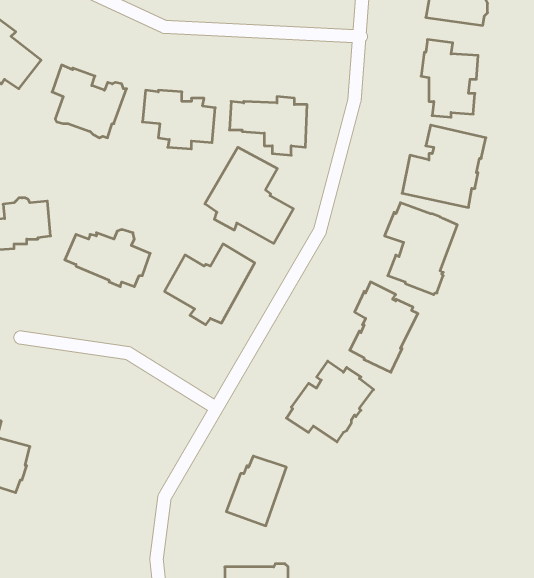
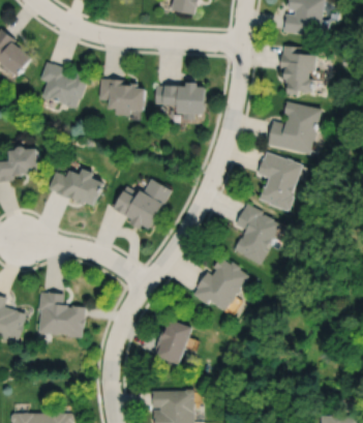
building: [205,147,293,243] -> none
building: none -> [37,290,85,336]

